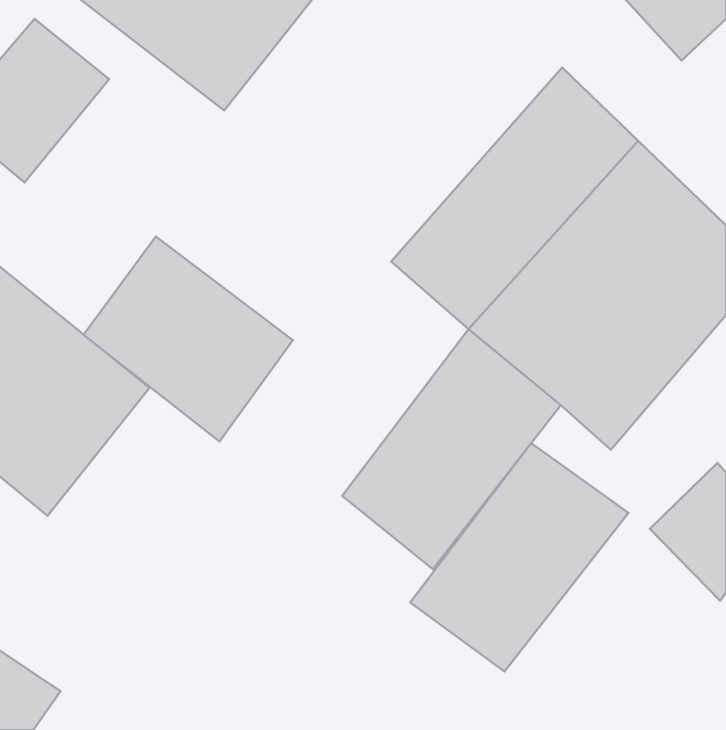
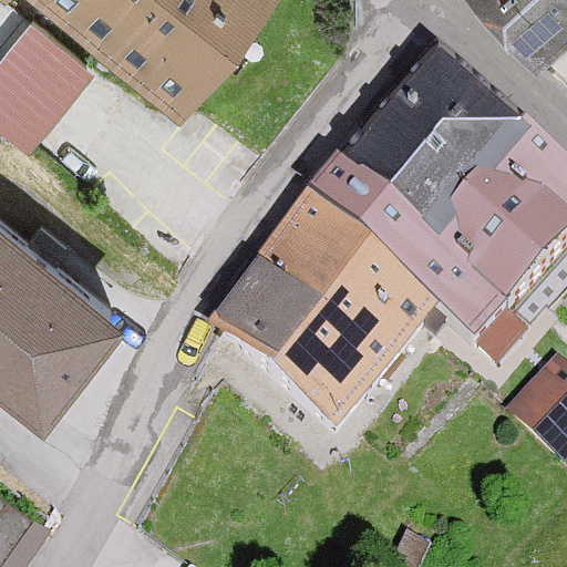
building: [84,237,293,442] -> none
building: none -> [209,202,361,382]
building: [410,443,629,672] -> none

